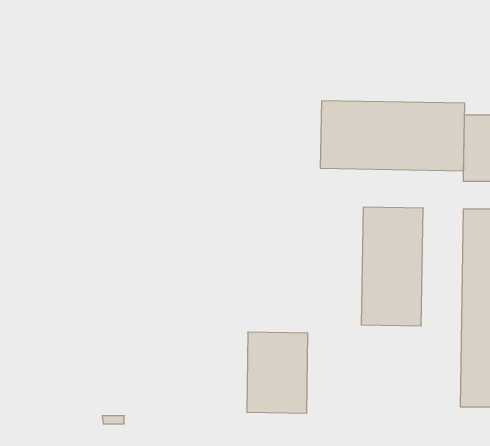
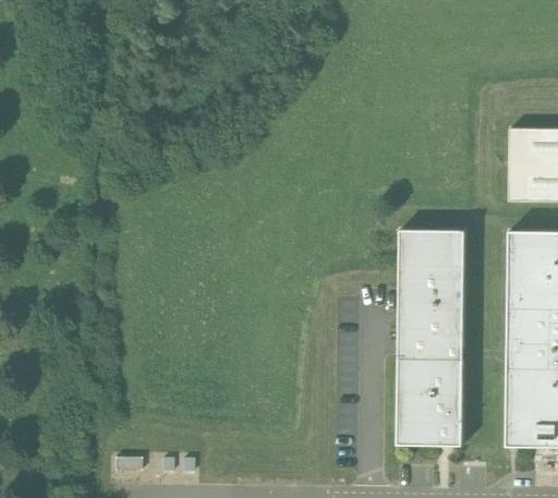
building: [321,101,464,171] -> none
building: [247,332,308,413] -> [397,357,463,446]

